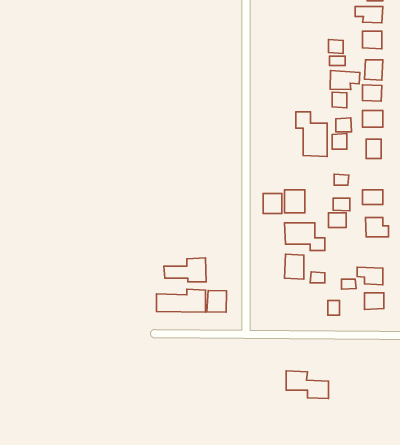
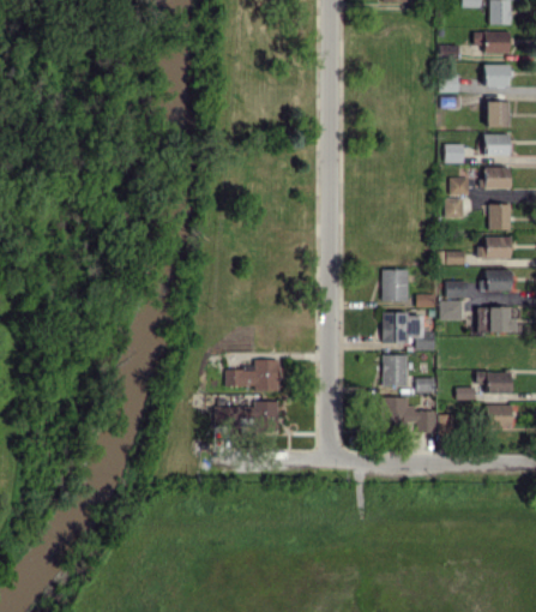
building: [330,71,360,89] -> none
building: [296,112,327,157] -> none
building: none -> [477,236,512,258]
building: [263,193,282,214] -> none
building: [207,290,226,312] -> none
building: [286,371,329,399] -> [381,396,436,432]

